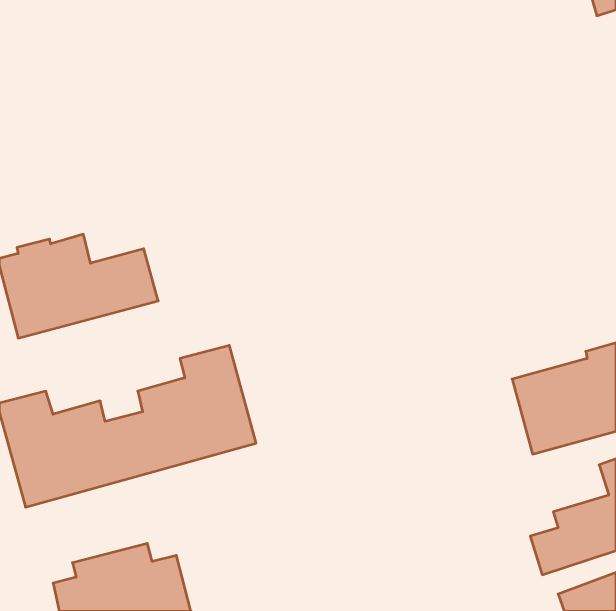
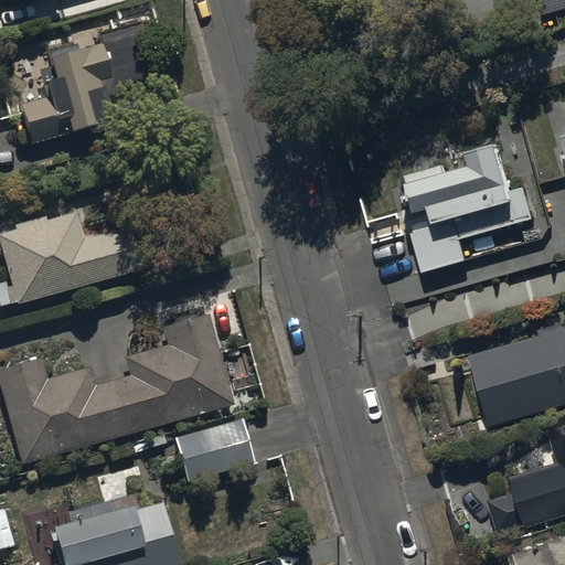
building: none -> [20,23,157,145]
building: none -> [403,129,532,260]
building: none -> [175,419,255,484]

